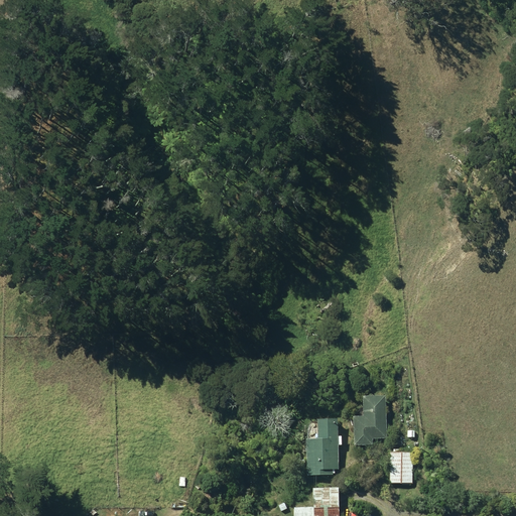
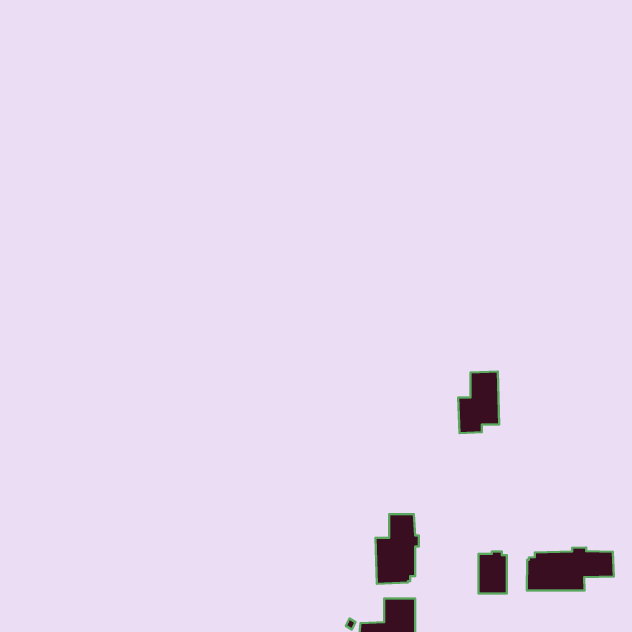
building: [353,395,386,445] -> [458,371,499,433]
building: none -> [527,548,614,591]

